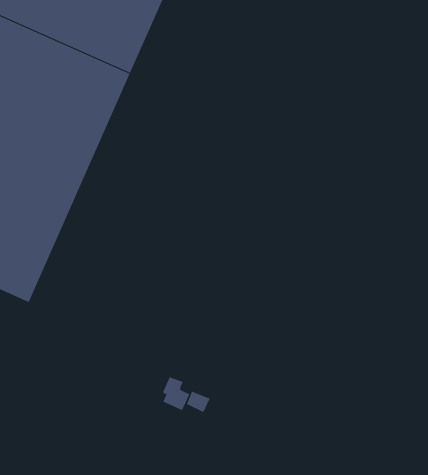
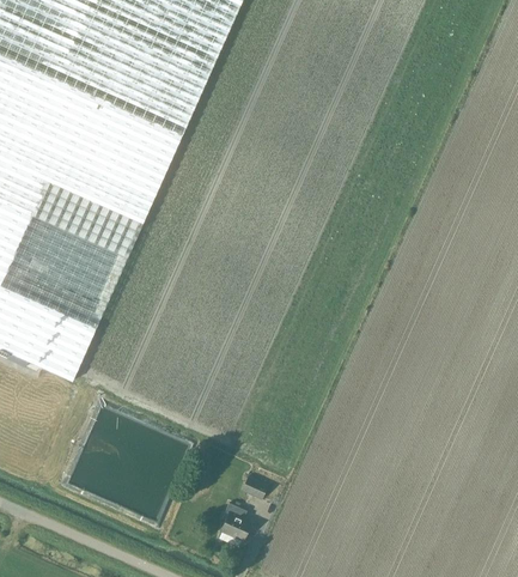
building: [162,376,190,411] -> [221,503,251,540]

